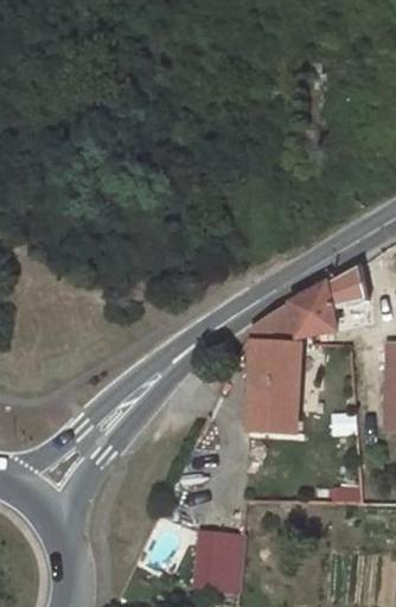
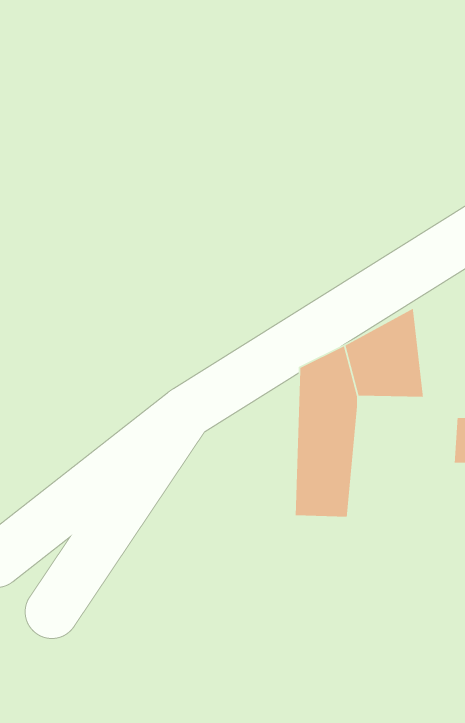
building: [200,529,228,582] -> none

